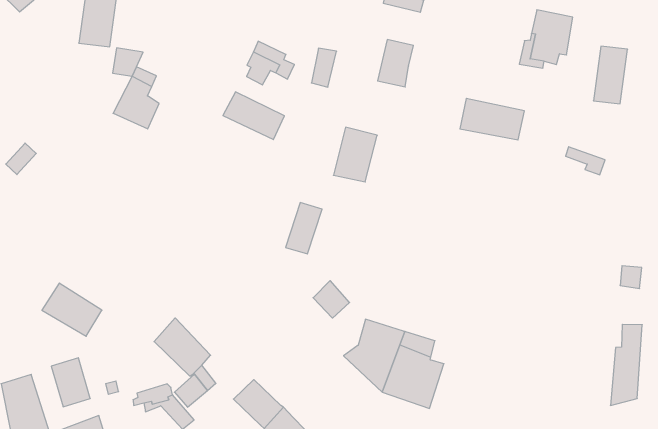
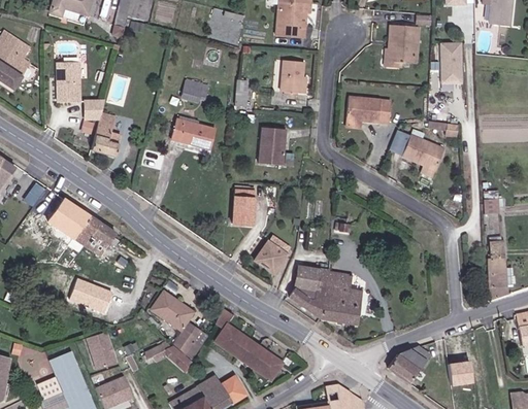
building: none -> [403,132,444,165]
building: none -> [50,199,112,253]

